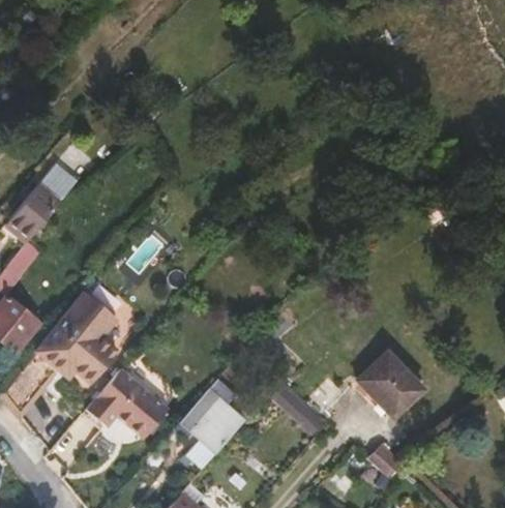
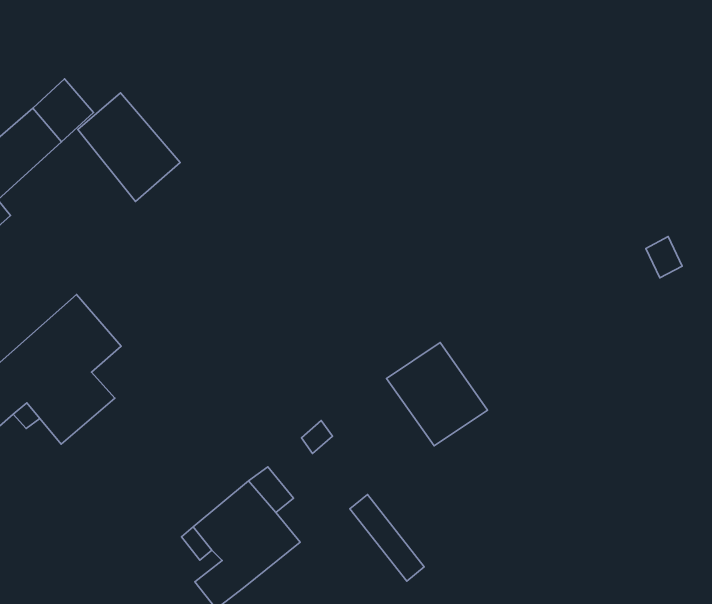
building: none -> [78,93,180,201]
building: [358,352,422,415] -> [387,343,488,446]
building: [86,368,169,438] -> none

